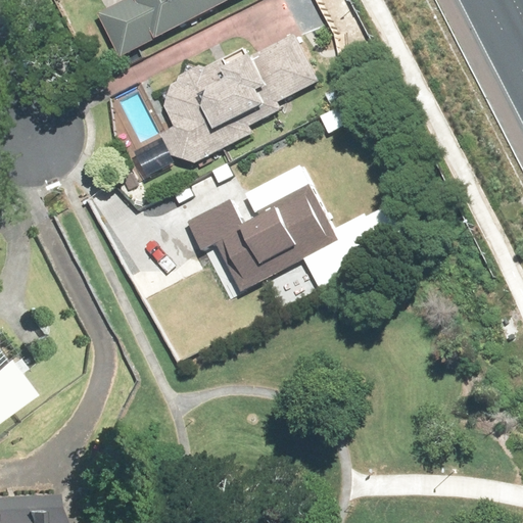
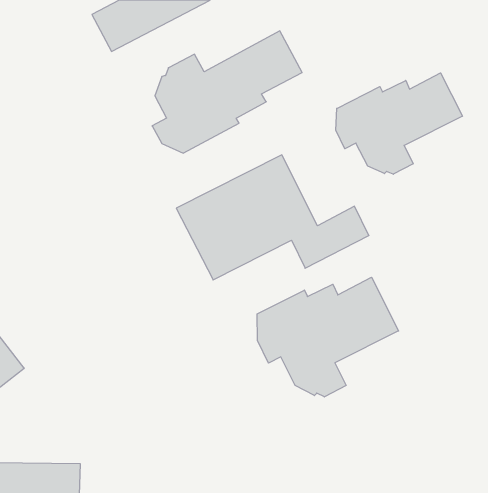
building: none -> [336,73,462,174]
building: none -> [257,277,399,397]

